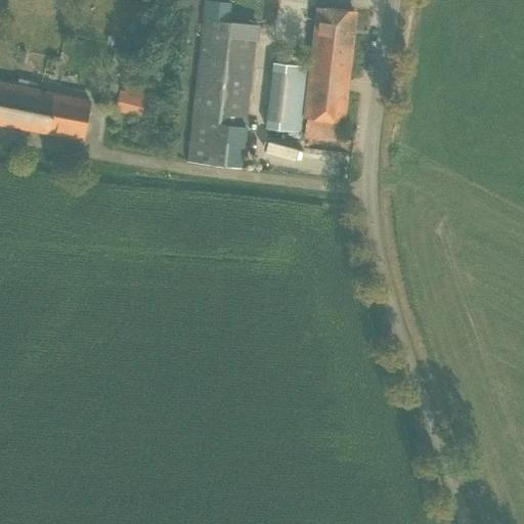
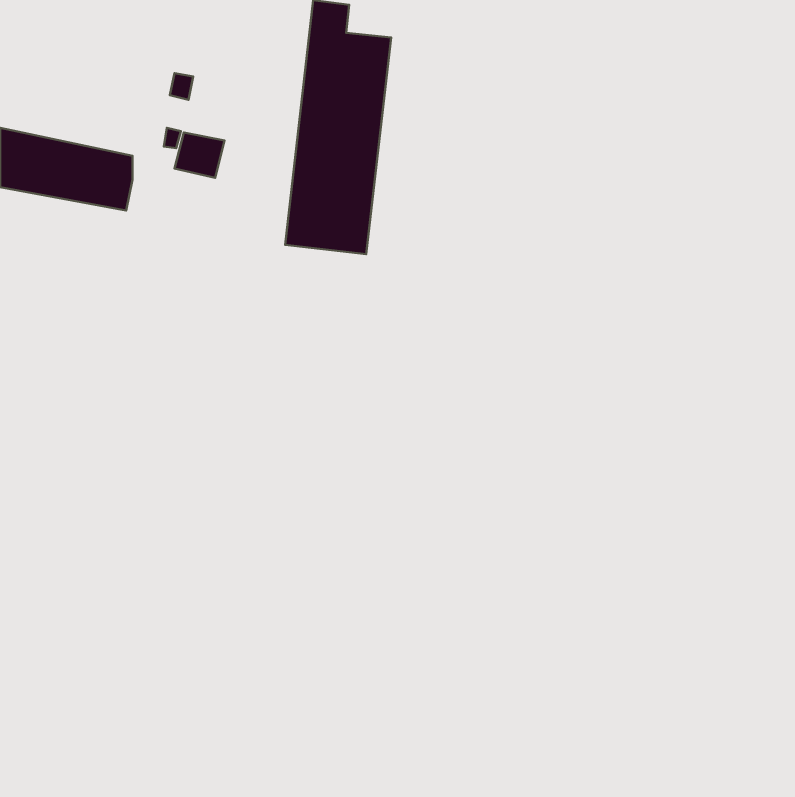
building: [305,7,355,137] -> none
building: [266,62,307,132] -> none

